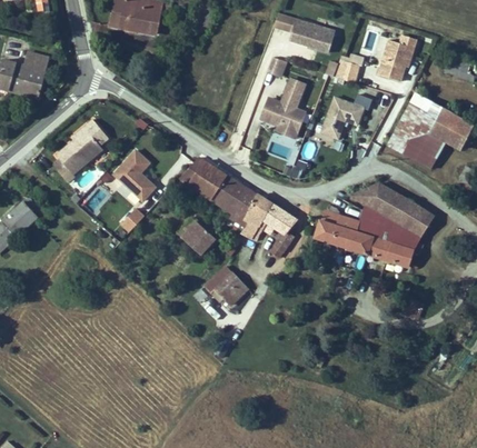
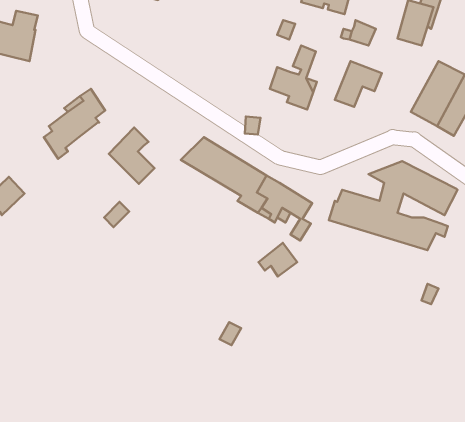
building: [379,215,423,242] -> none
building: [176,222,217,262] -> none
building: [205,270,240,301] -> [259,243,297,277]

